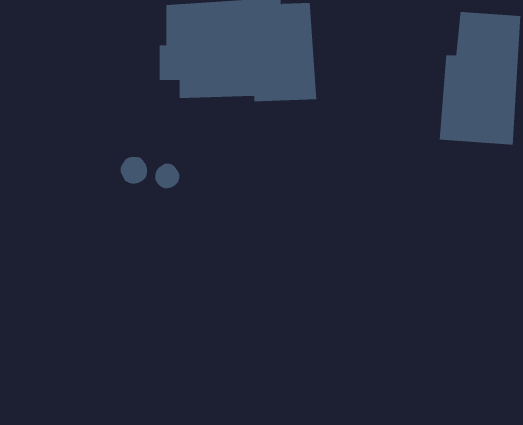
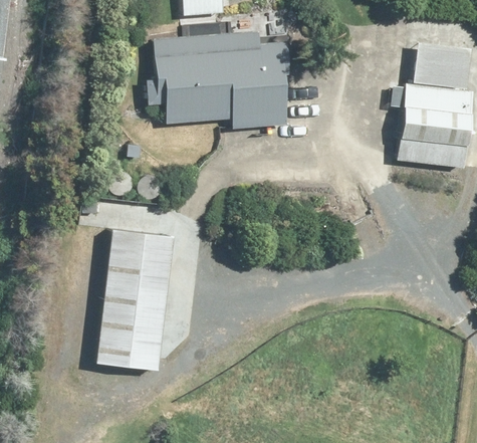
building: none -> [98,228,177,372]

